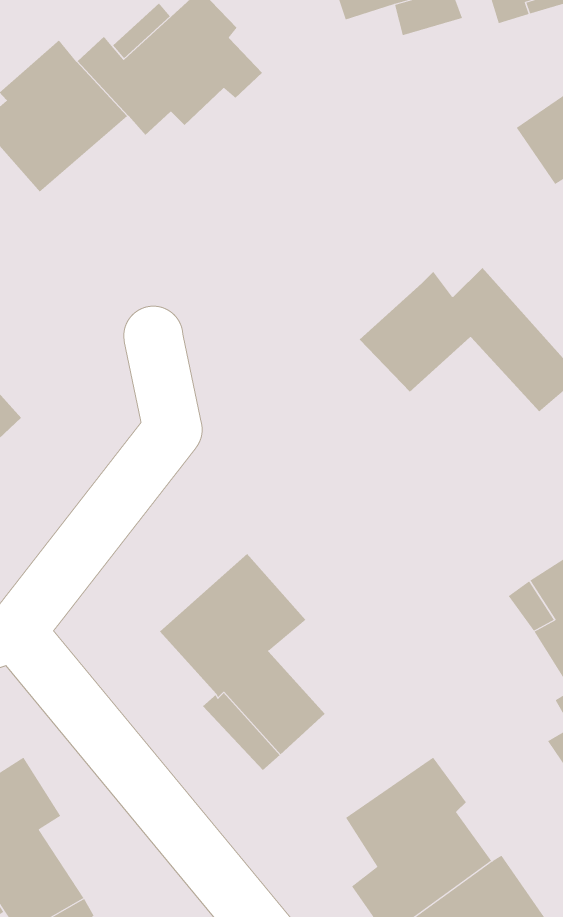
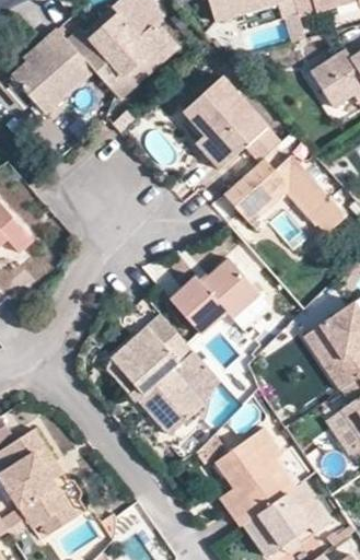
building: none -> [183,75,281,171]
building: none -> [170,257,259,334]
building: none -> [172,351,218,404]

